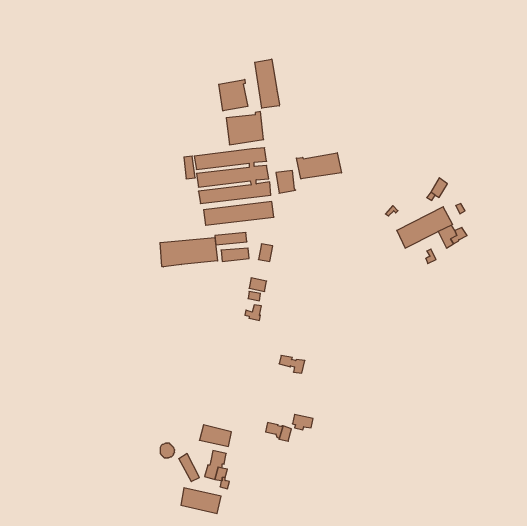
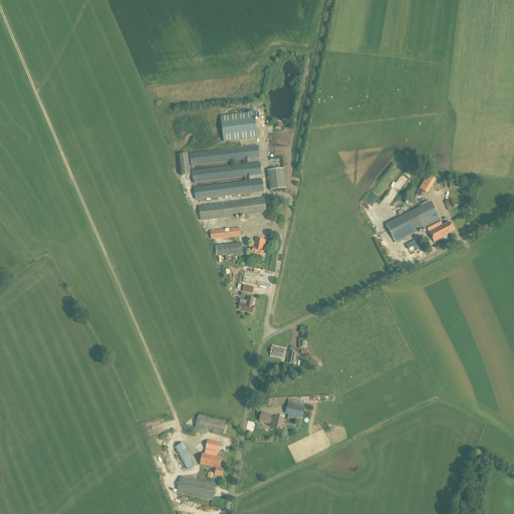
building: [255,59,280,108] -> none
building: [219,79,248,111] -> none
building: [296,153,341,179] -> none
building: [160,238,218,267] -> none

